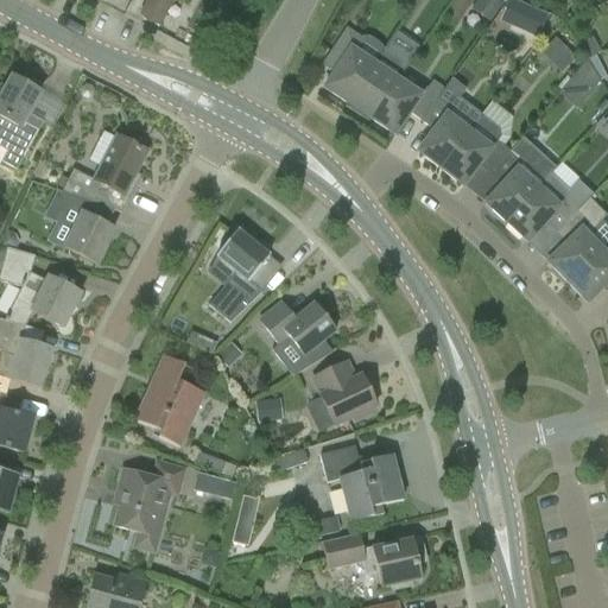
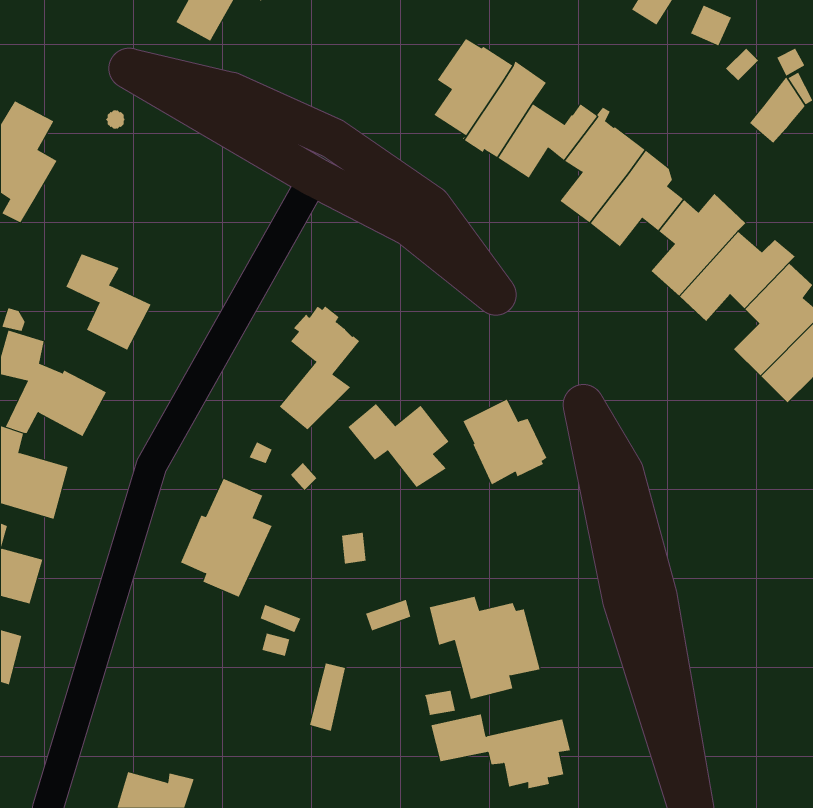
building: [62,128,147,210] -> none
building: [314,360,376,424] -> [463,399,547,485]
building: [115,460,185,552] -> none

